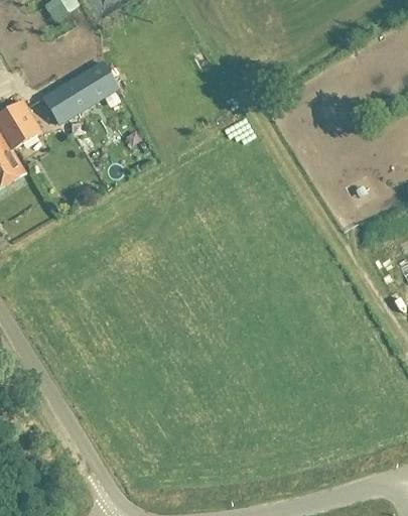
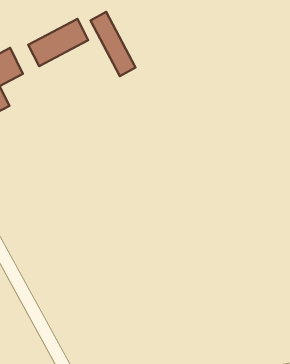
building: none -> [90,12,136,76]

